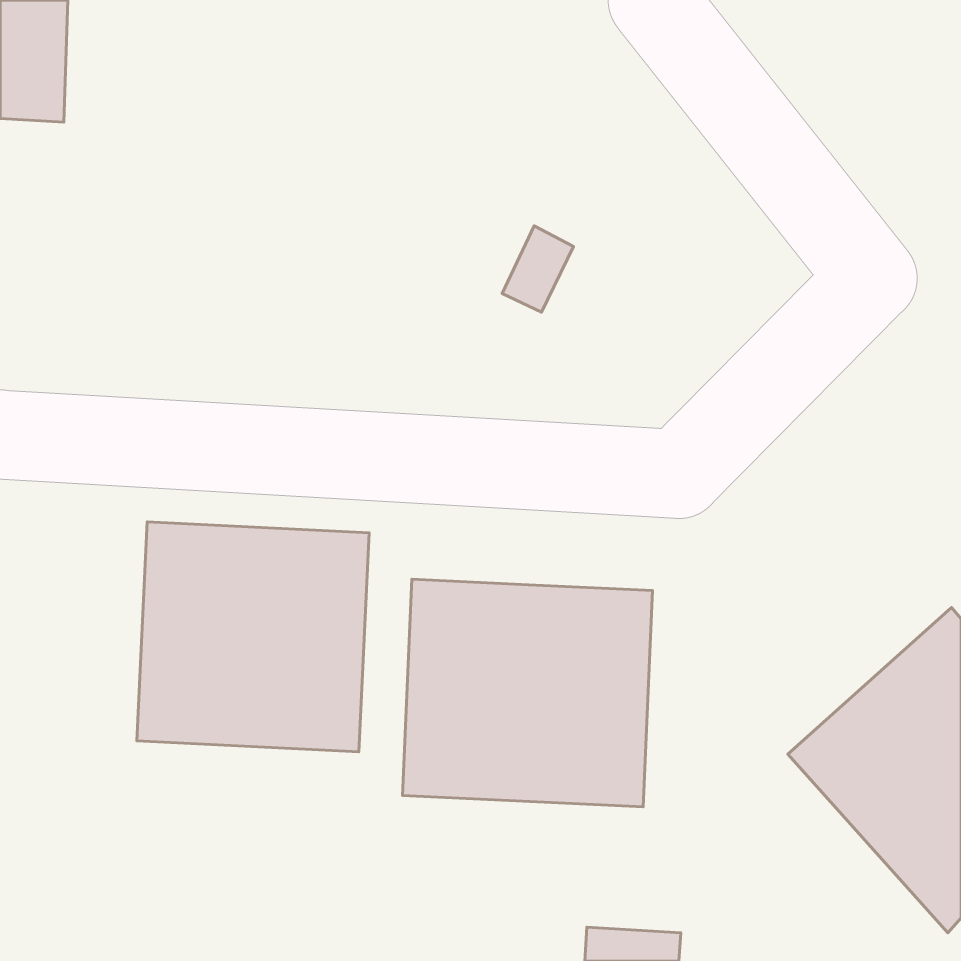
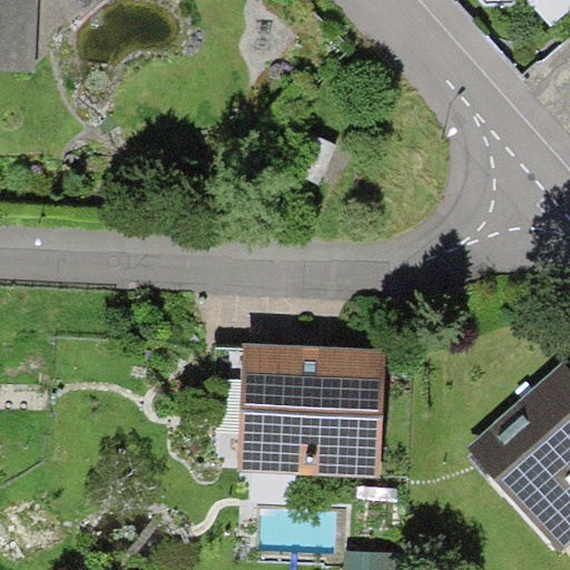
building: [137,522,369,752] -> none

